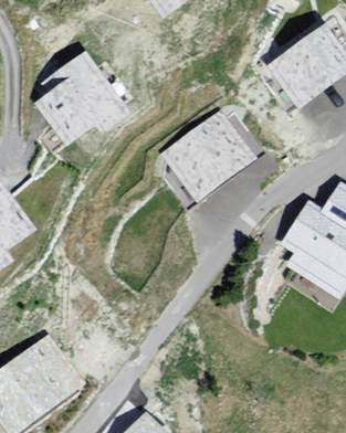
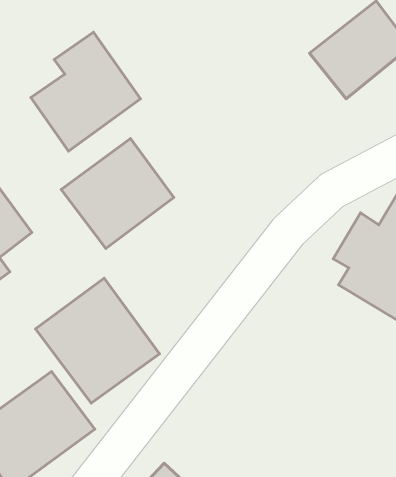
building: [159,110,254,203] -> [61,138,174,248]
building: none -> [35,278,160,403]

